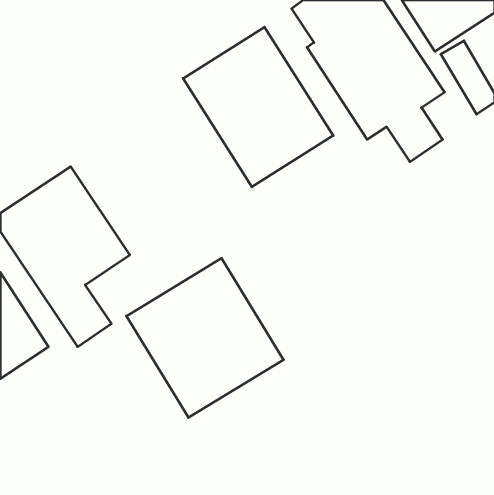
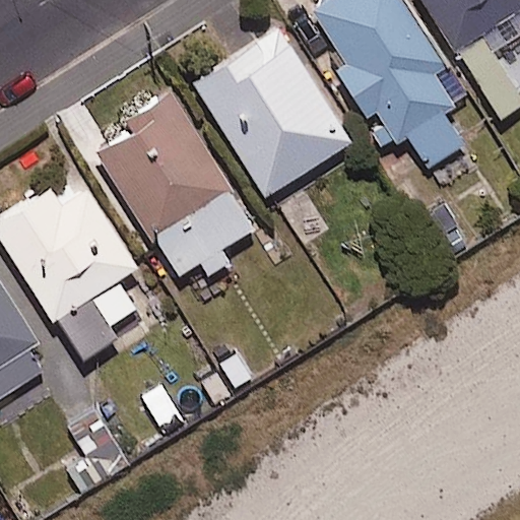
building: none -> [100,93,253,279]
building: [126,258,284,418] -> none

